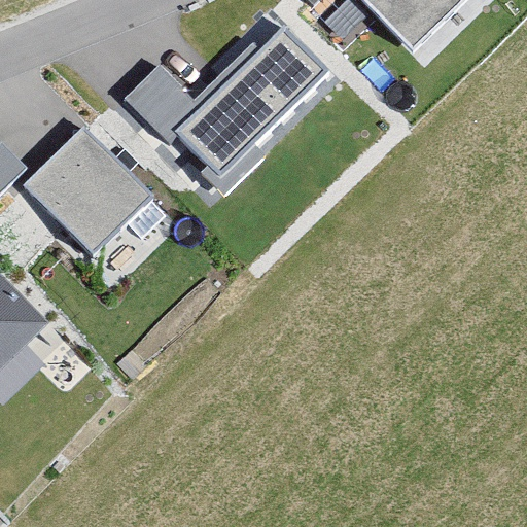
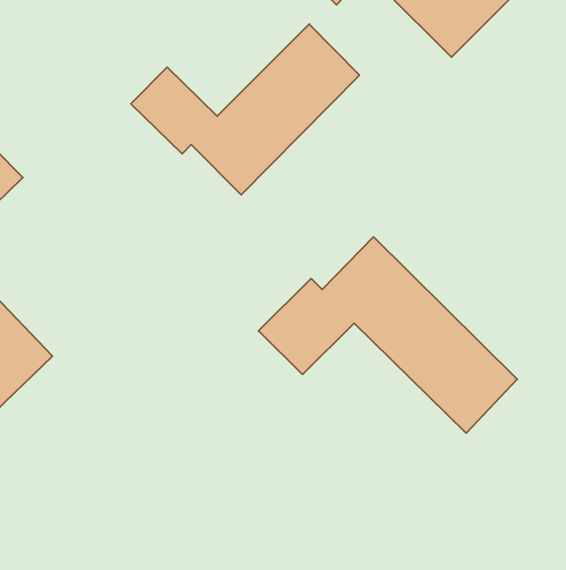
building: [23,125,152,253] -> none
building: none -> [258,237,517,433]

